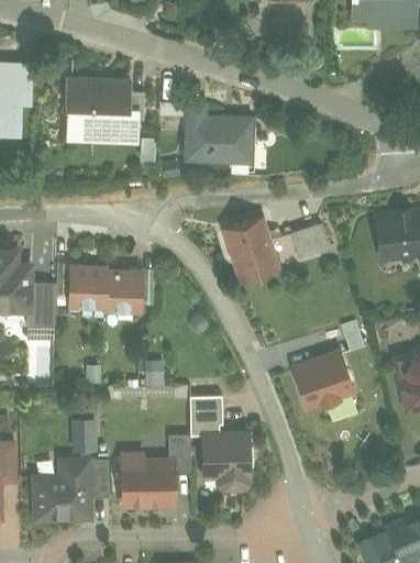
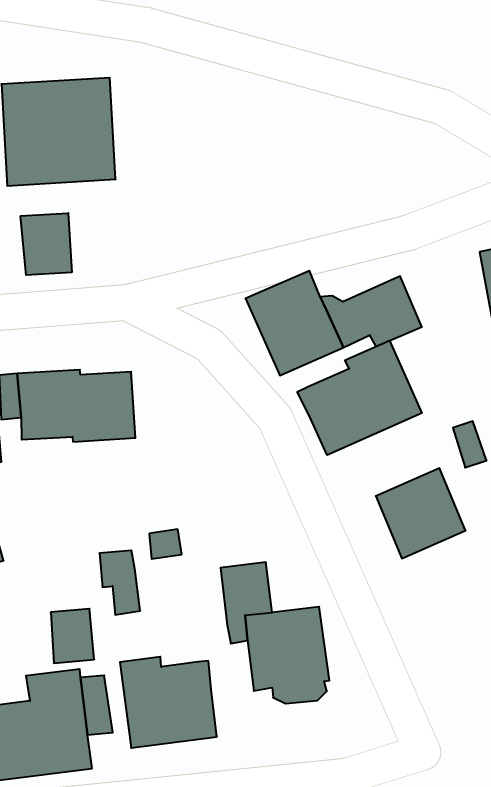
building: [192,102,262,164] -> none
building: none -> [21,213,72,275]
building: none -> [297,341,422,455]
building: [168,438,191,478] -> [99,550,140,615]

